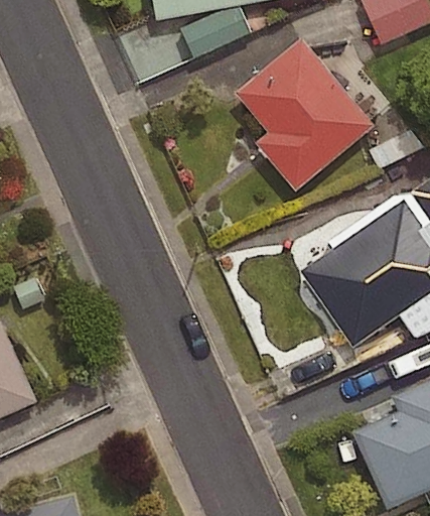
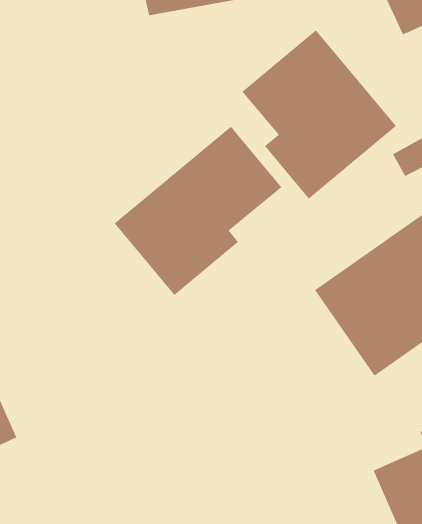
building: none -> [114,126,282,296]

